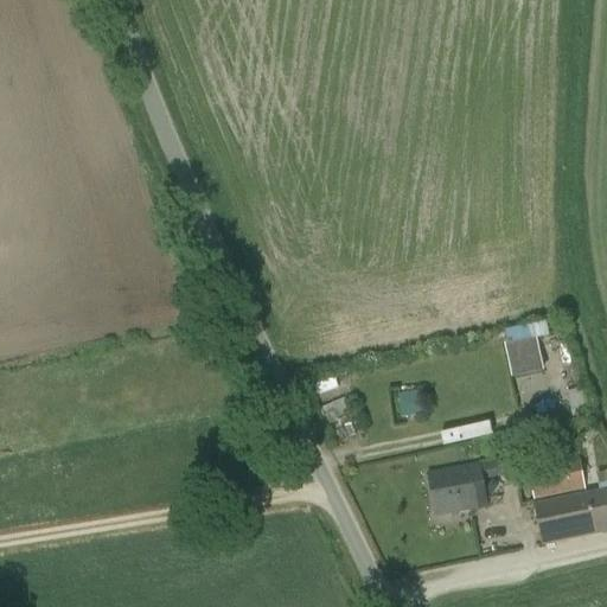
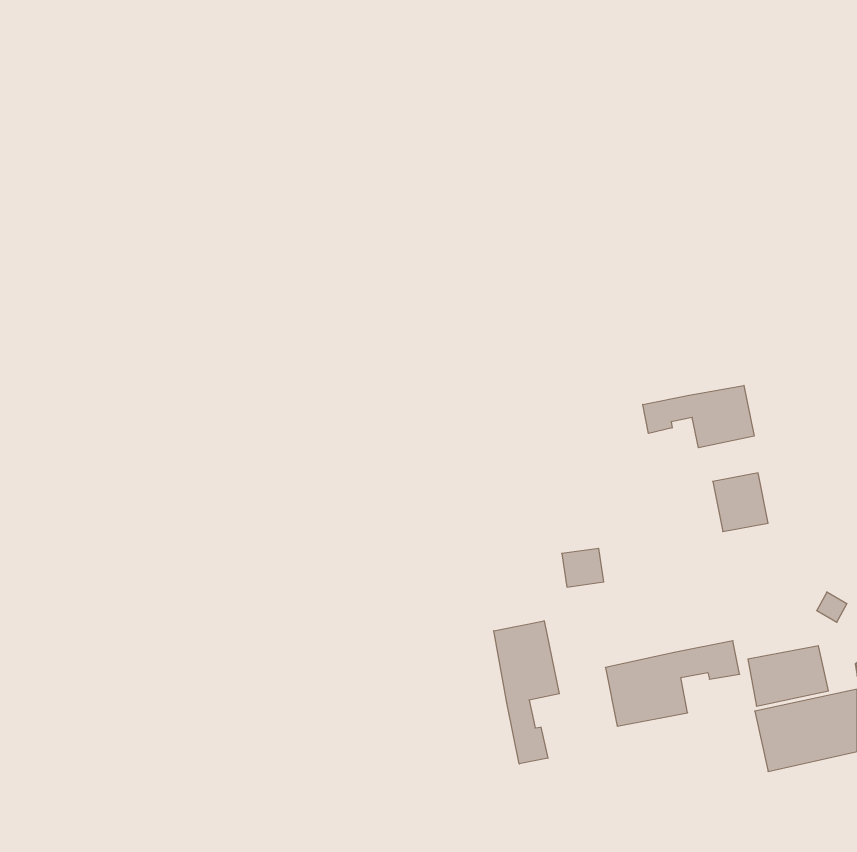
building: none -> [643,385,754,448]
building: none -> [494,621,559,764]

